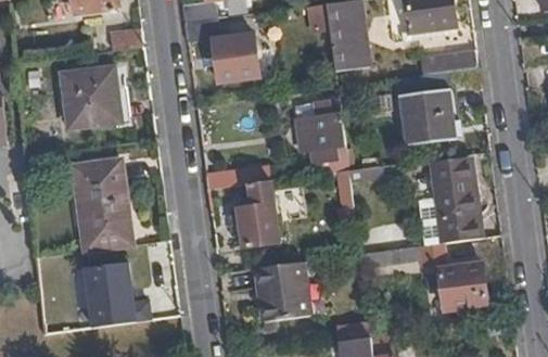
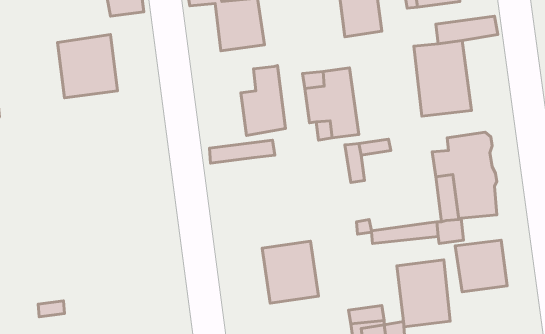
building: [75,160,131,250] -> none
building: [237,180,279,246] -> [241,65,286,135]
building: [76,264,143,326] -> none
building: none -> [397,260,450,327]

